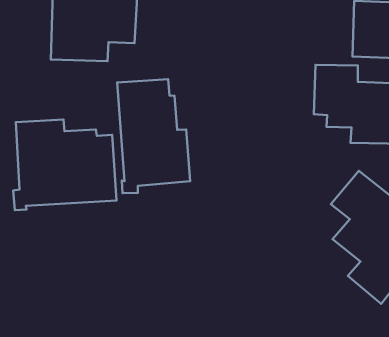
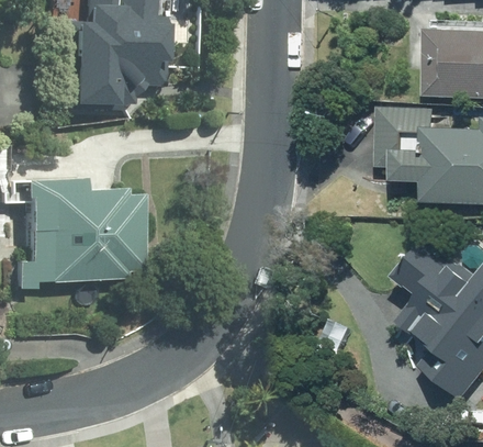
building: [117,79,190,193] -> none

